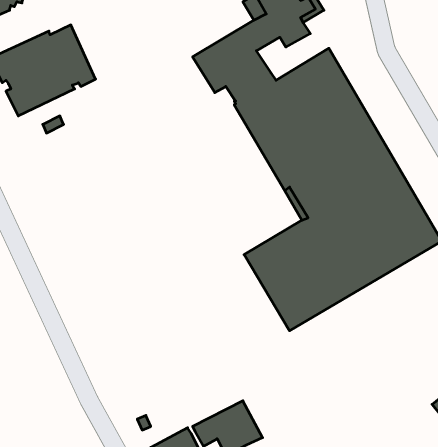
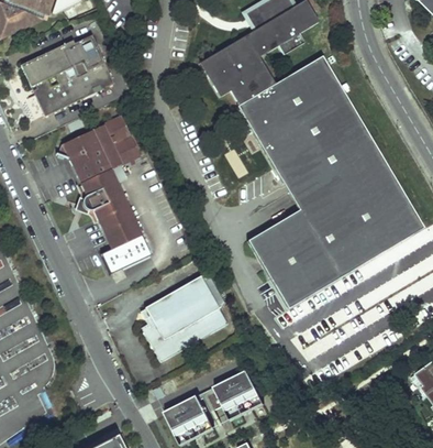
building: none -> [58,113,149,272]
building: none -> [138,275,226,361]

